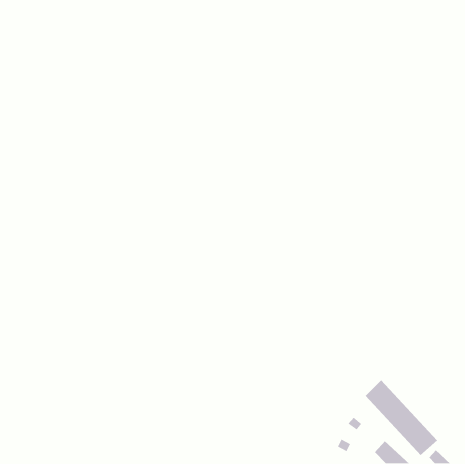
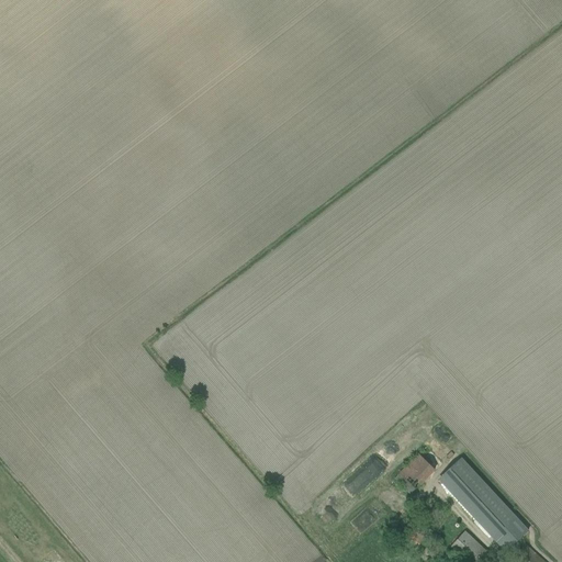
building: none -> [396,452,432,488]

